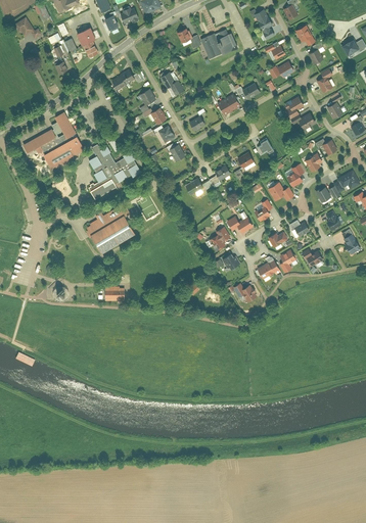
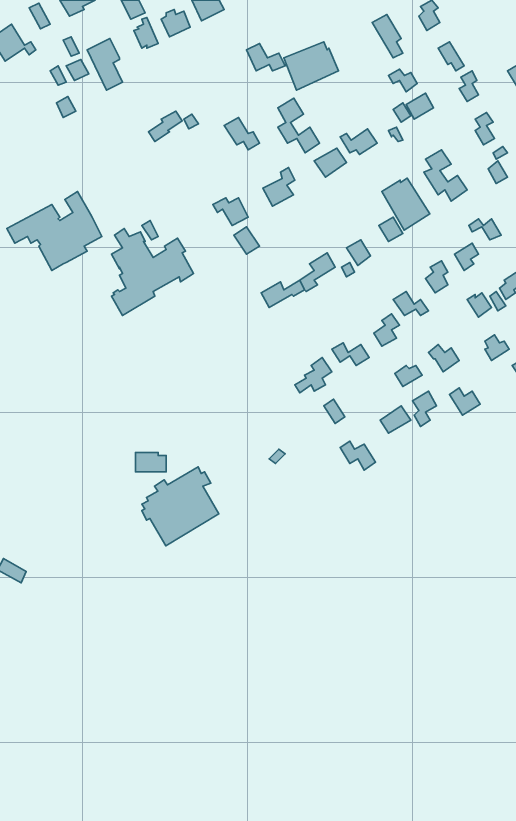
building: [139,88,166,123] -> [278,98,320,153]
building: none -> [382,178,430,230]
building: [87,205,136,255] -> [142,467,219,546]

